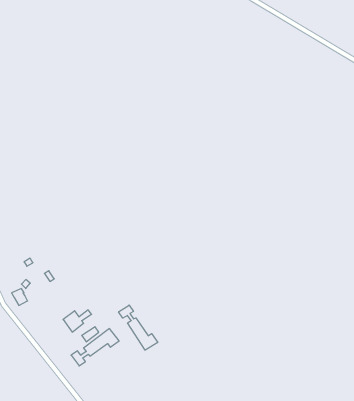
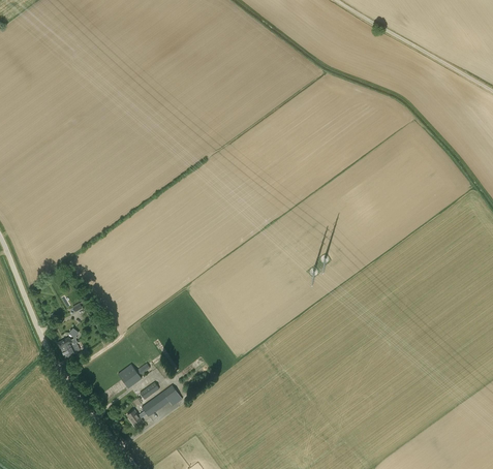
building: [119,305,158,350] -> none

